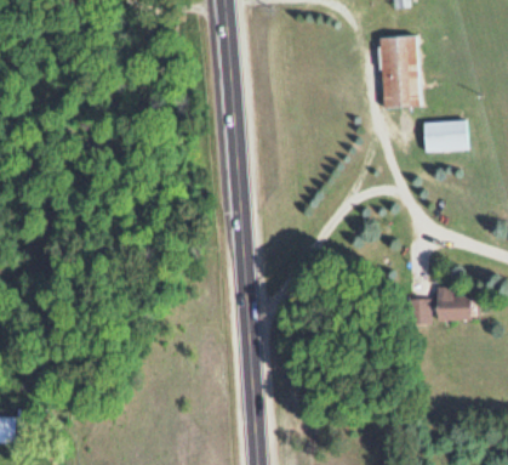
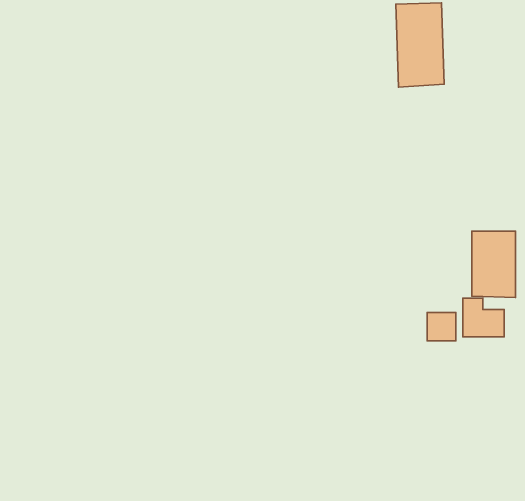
building: [424,121,468,152] -> none
building: none -> [472,231,515,297]

